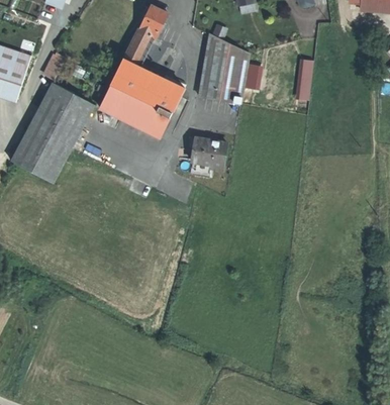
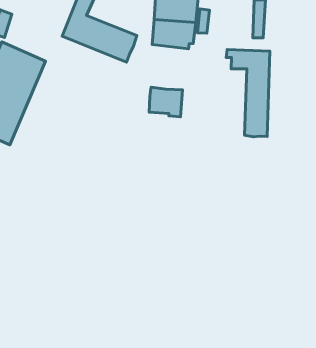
building: [101,81,174,136] -> none
building: none -> [226,49,270,137]

